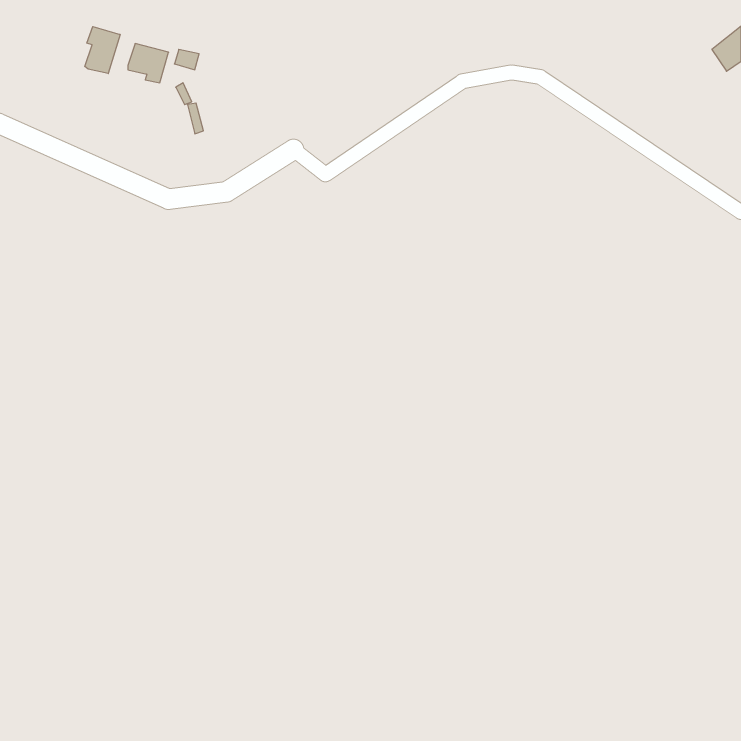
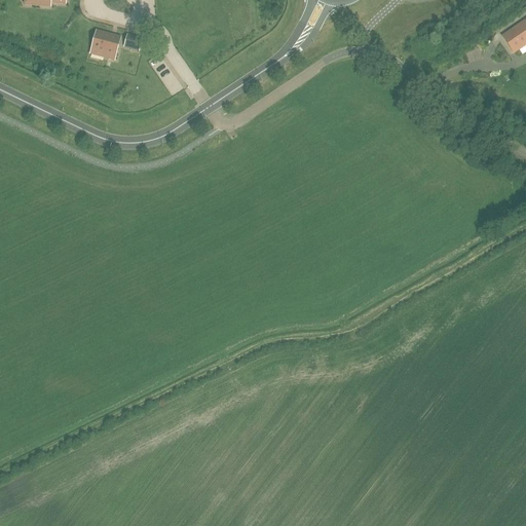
building: [85,27,120,74] -> none

